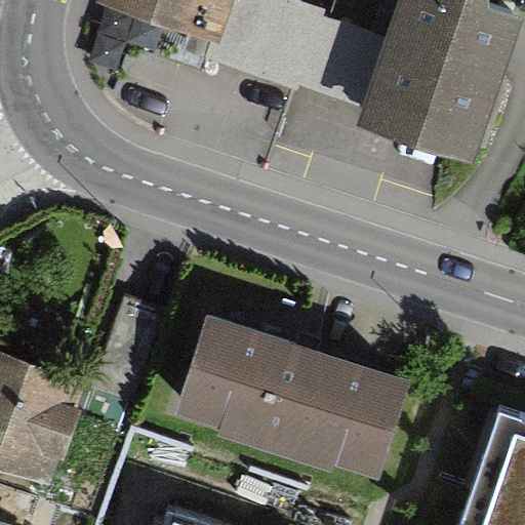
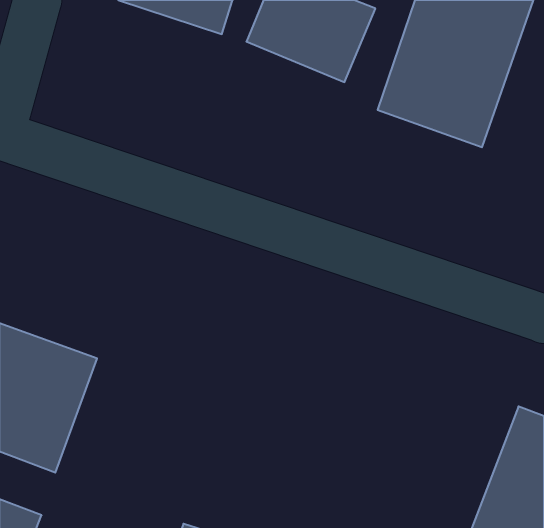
building: [178,314,403,466] -> none

